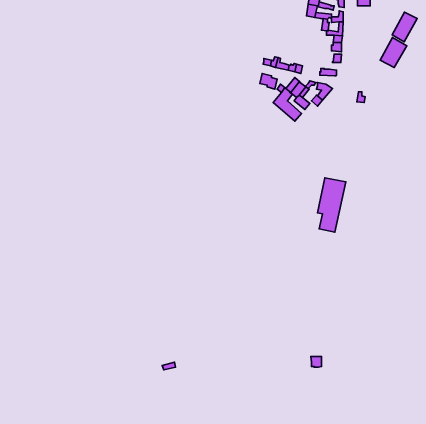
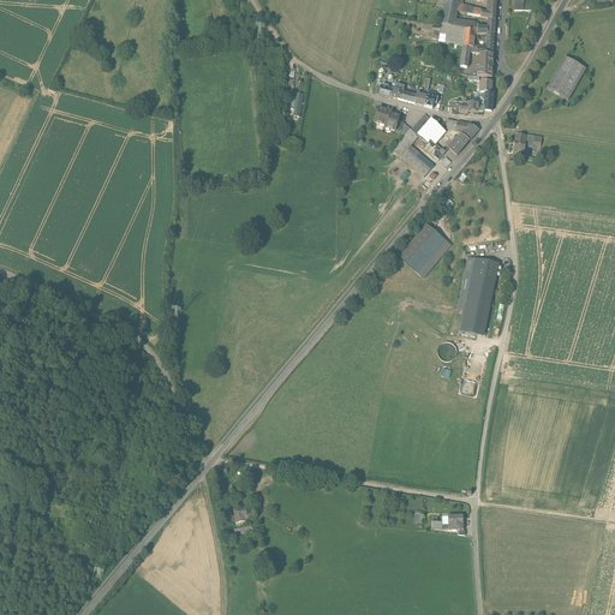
building: [392,12,417,42] -> none
building: none -> [400,221,452,276]

